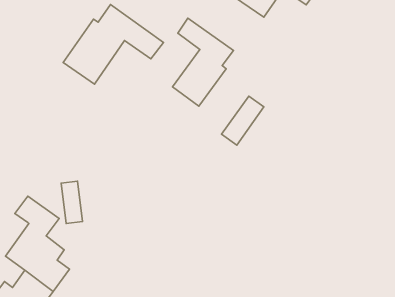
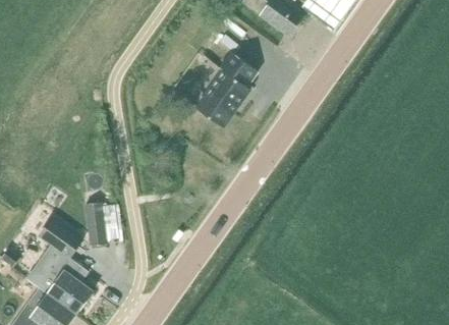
building: [63,5,164,84] -> none
building: [222,96,264,145] -> none

